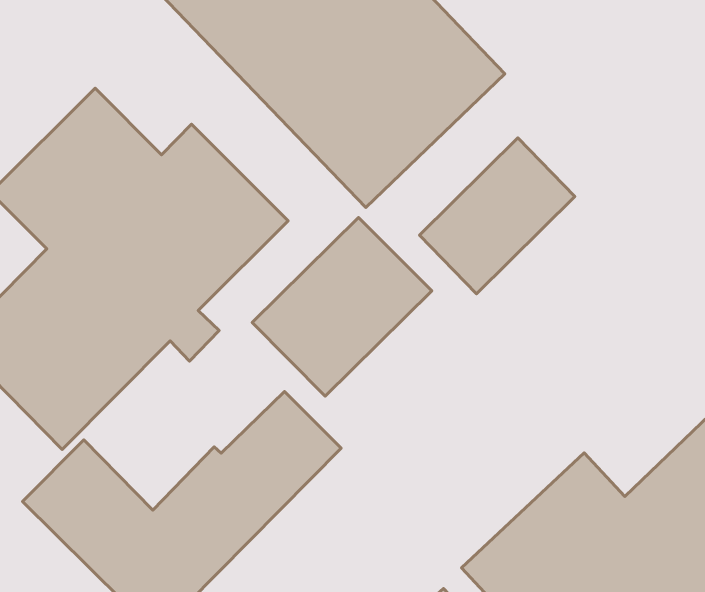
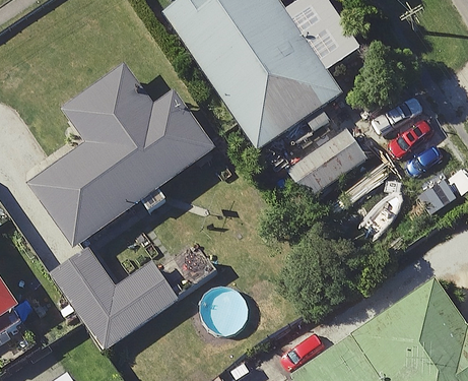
building: [252,217,432,396] -> none

